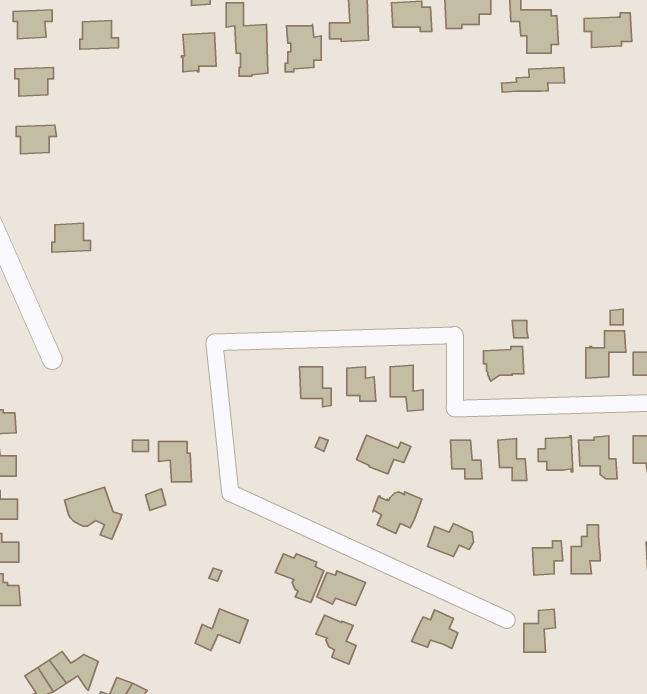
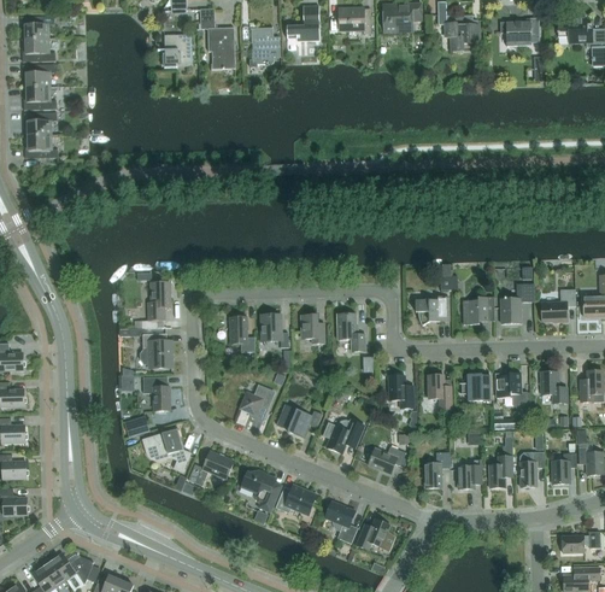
building: [80,20,119,49] -> [23,37,55,61]
building: [502,68,565,92] -> none
building: none -> [24,86,58,110]
building: [52,223,91,252] -> [25,134,58,158]
building: none -> [148,281,170,320]
building: none -> [463,297,494,324]
building: none -> [230,316,255,351]
building: none -> [140,333,172,367]
building: [356,435,411,474] -> [277,404,323,436]
building: none -> [241,385,274,420]
building: [64,487,122,539] -> [143,428,192,471]
building: none -> [519,451,545,486]
building: [195,609,248,650] -> [189,450,234,485]
building: [524,609,556,652] -> [424,451,451,487]
building: [316,615,356,664] -> [324,502,358,543]

